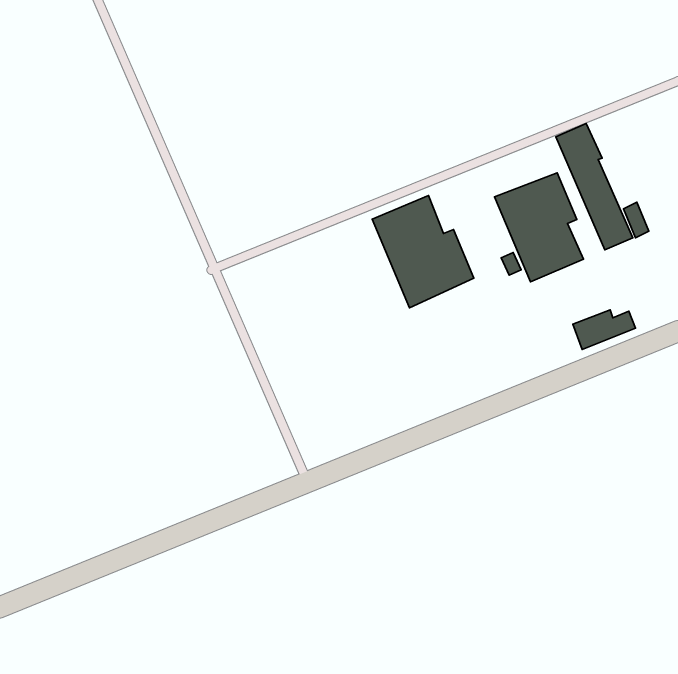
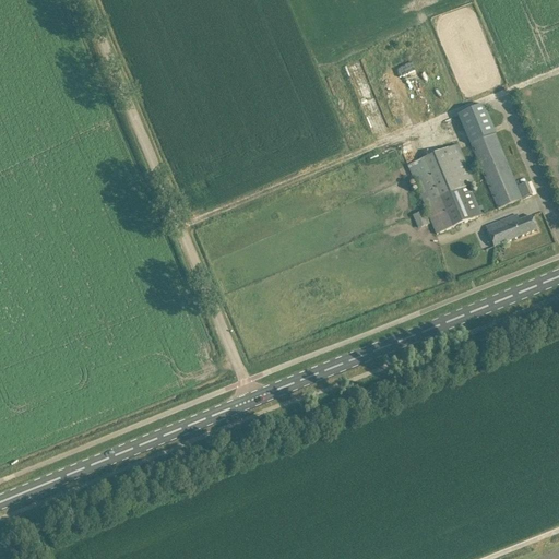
building: [372,196,474,308] -> none
building: [573,310,635,350] -> [485,212,536,245]

